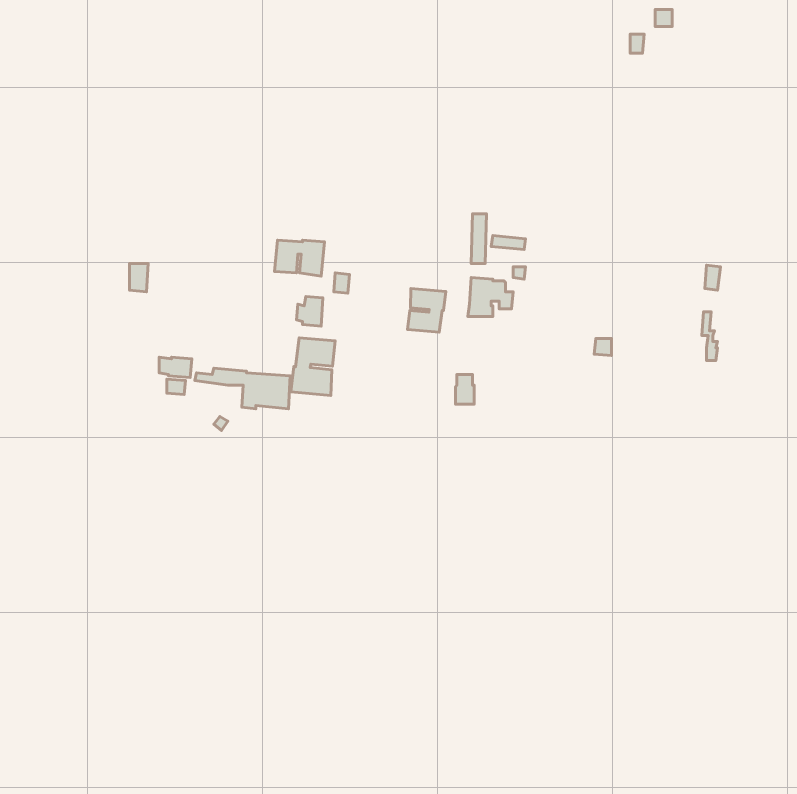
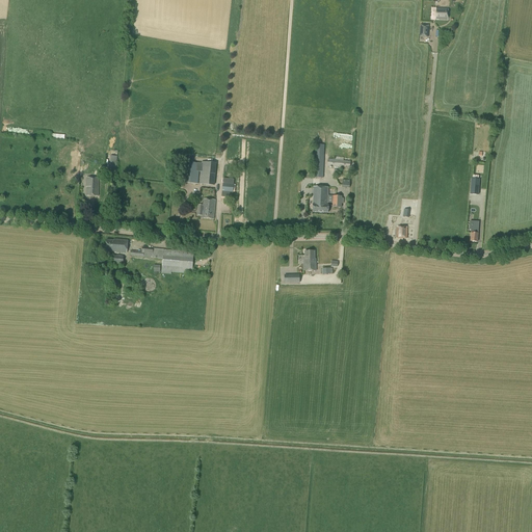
building: [408,289,446,332] -> none
building: [291,338,335,395] -> none

